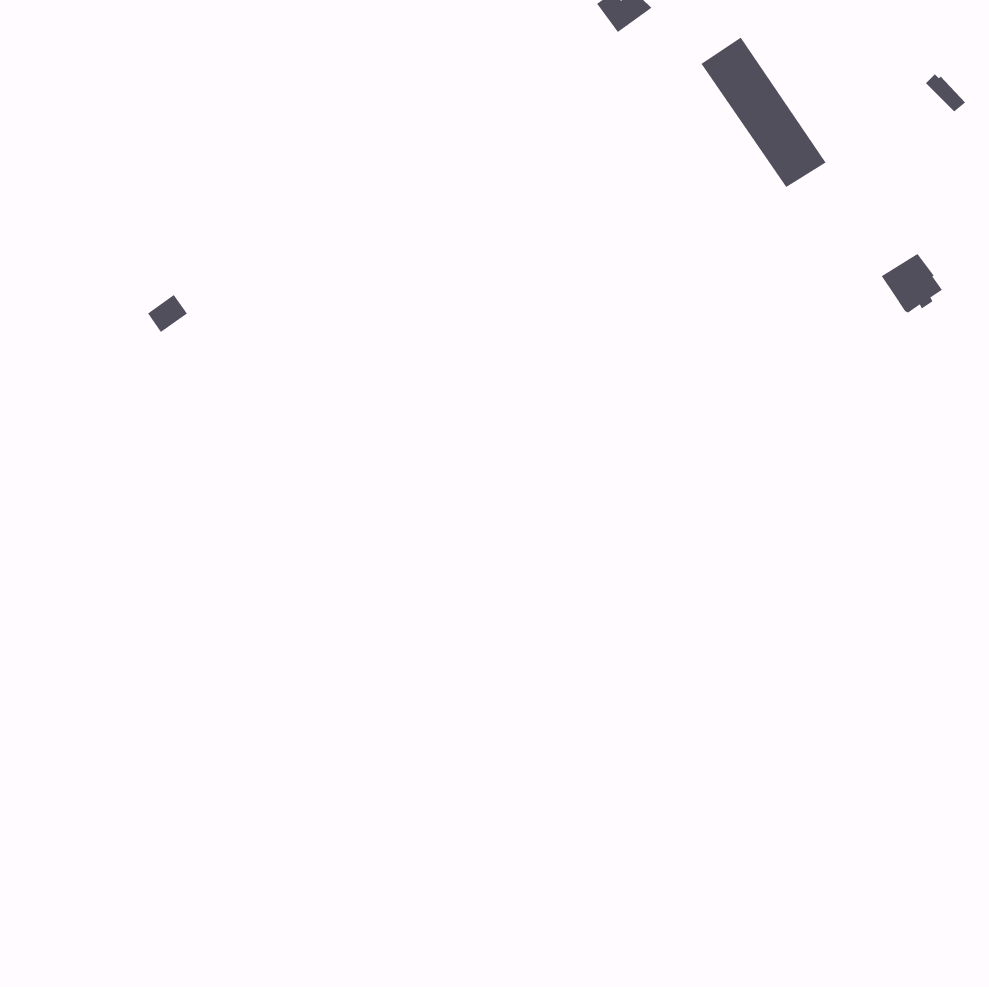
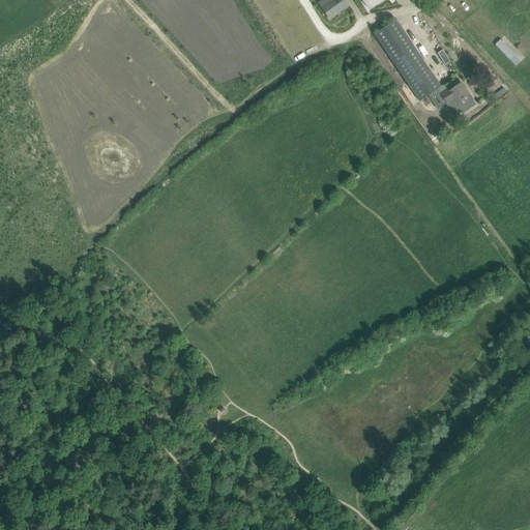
building: [881,253,943,313] -> [441,82,474,114]

